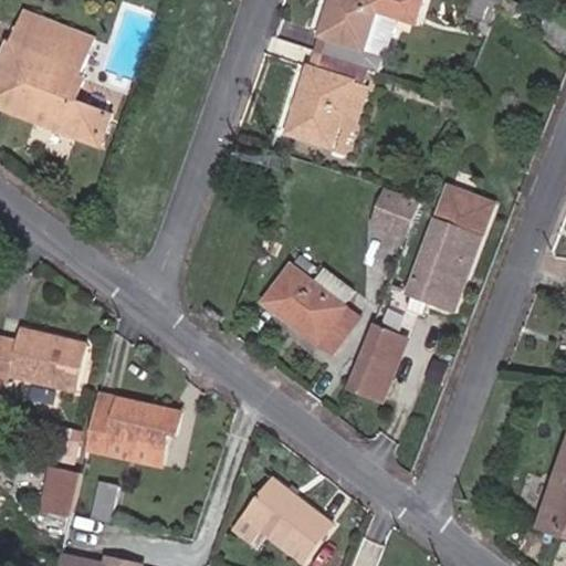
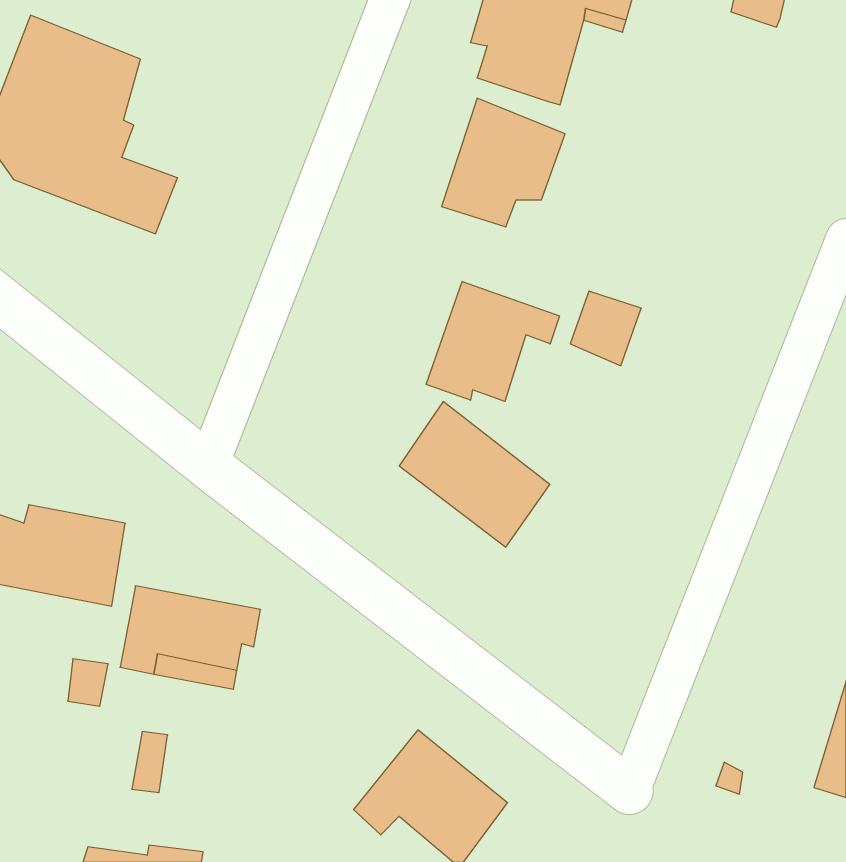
building: [408,182,495,315] -> none
building: none -> [426,281,559,401]
building: [347,324,410,408] -> none
building: [39,469,78,517] -> none

